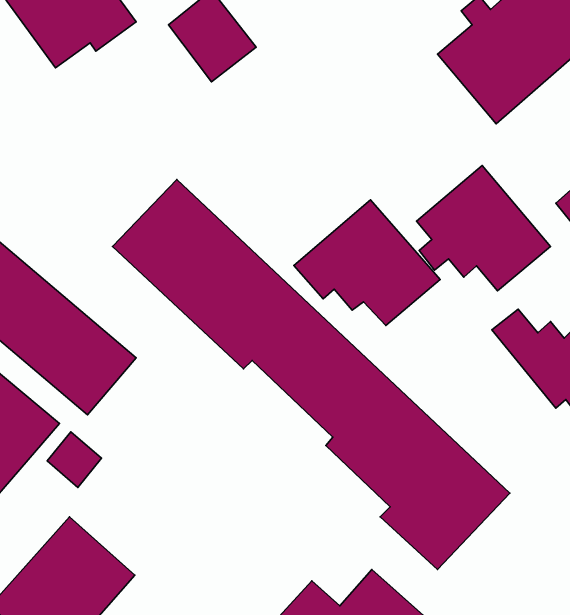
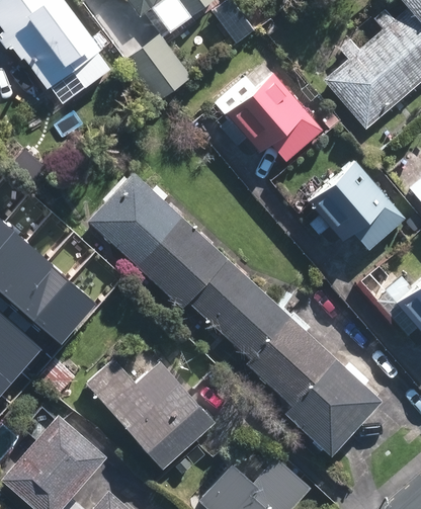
building: [294,200,440,325] -> [217,74,323,165]
building: none -> [86,357,215,470]

